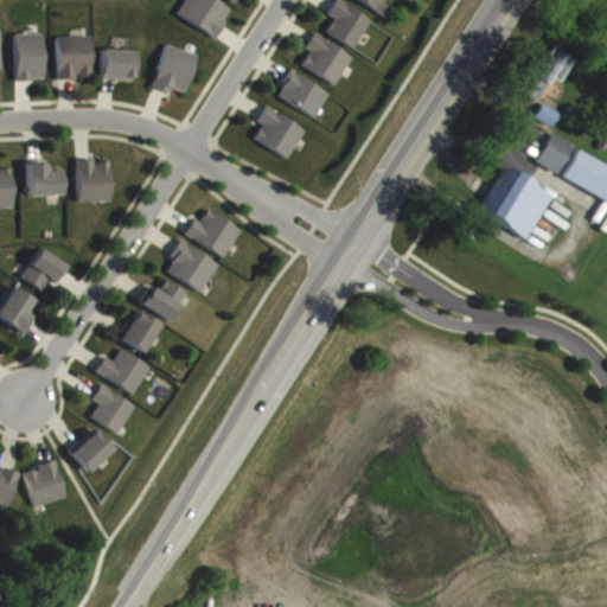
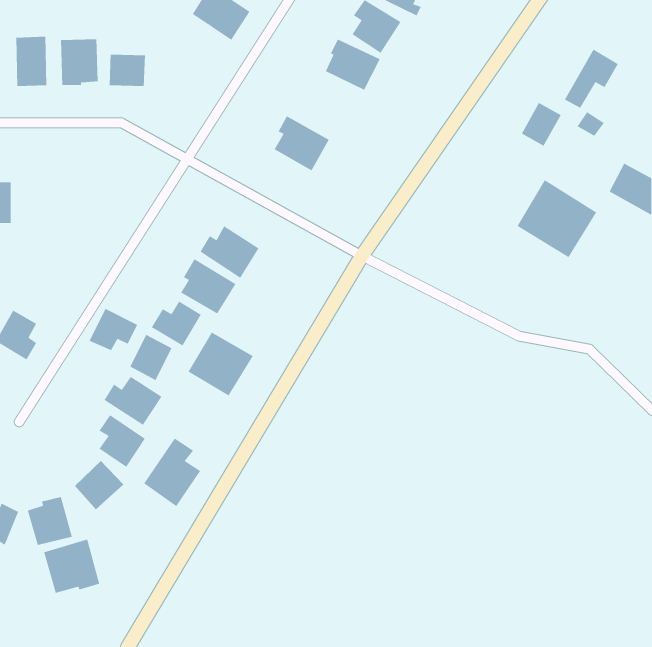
building: [153,44,198,94] -> none
building: [276,70,330,117] -> none
building: [537,133,575,174] -> [521,102,562,147]
building: [75,159,110,203] -> none
building: [25,162,59,196] -> none
building: [21,249,68,289] -> [88,308,138,351]
building: none -> [187,332,254,397]
building: none -> [143,437,201,507]
building: none -> [43,538,100,594]

